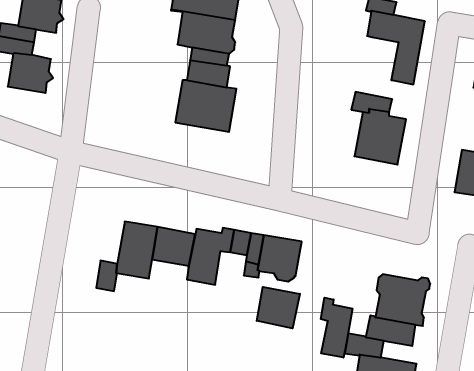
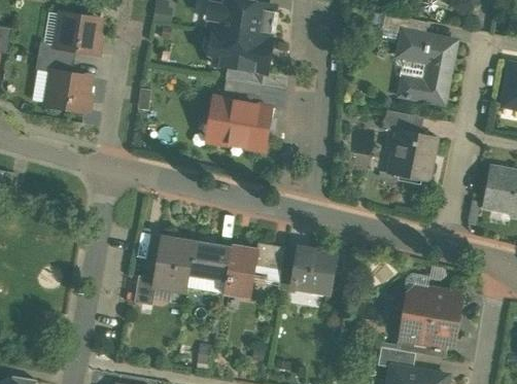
building: none -> [398,57,429,101]
building: [257,287,300,328] -> none
building: [321,298,352,358] -> none

